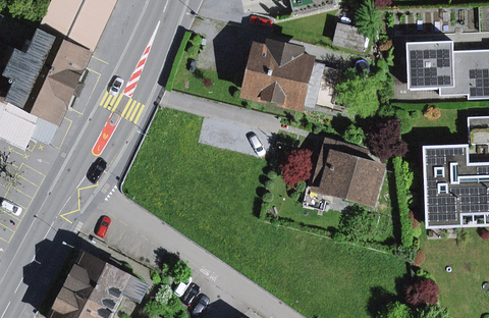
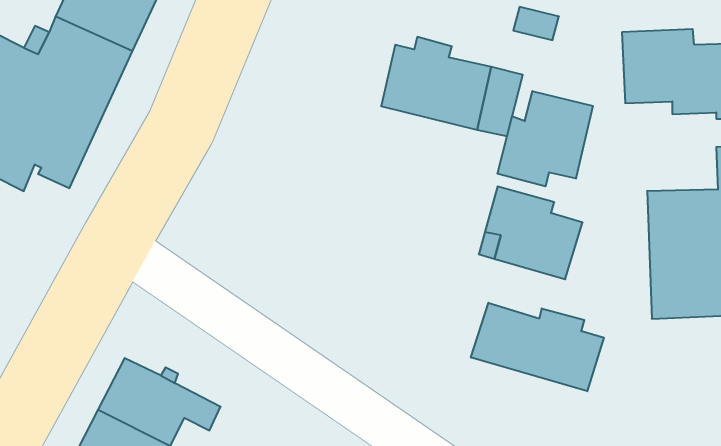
building: none -> [497,91,593,186]
building: none -> [471,303,604,391]

